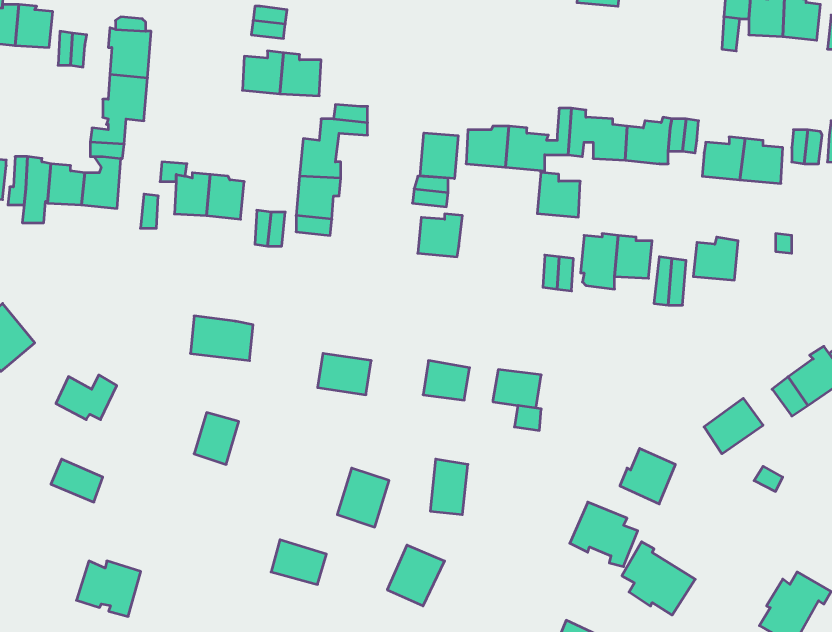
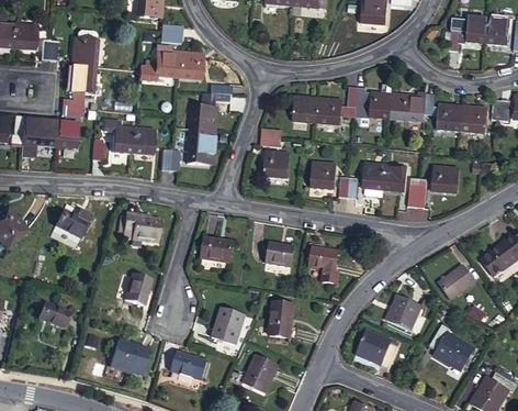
building: [420,133,458,179] -> none
building: [537,172,580,217] -> [309,162,336,189]
building: [56,375,117,420] -> [54,209,91,236]
building: [622,542,695,615] -> [429,324,474,369]
building: [76,561,141,616] -> [110,342,149,376]

